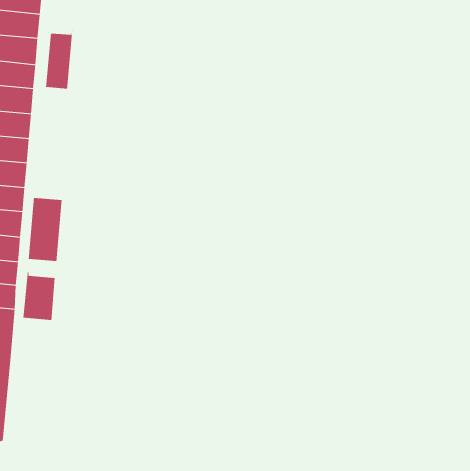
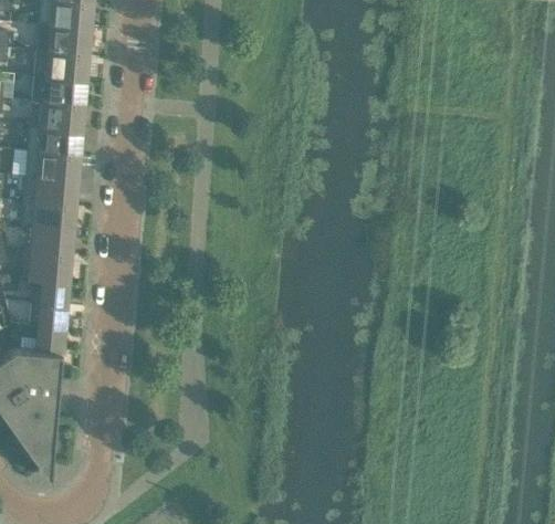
building: [46,26,73,89] -> none
building: [28,197,62,262] -> none
building: [23,271,55,321] -> none

